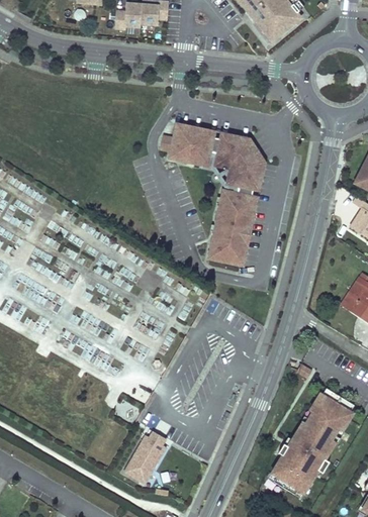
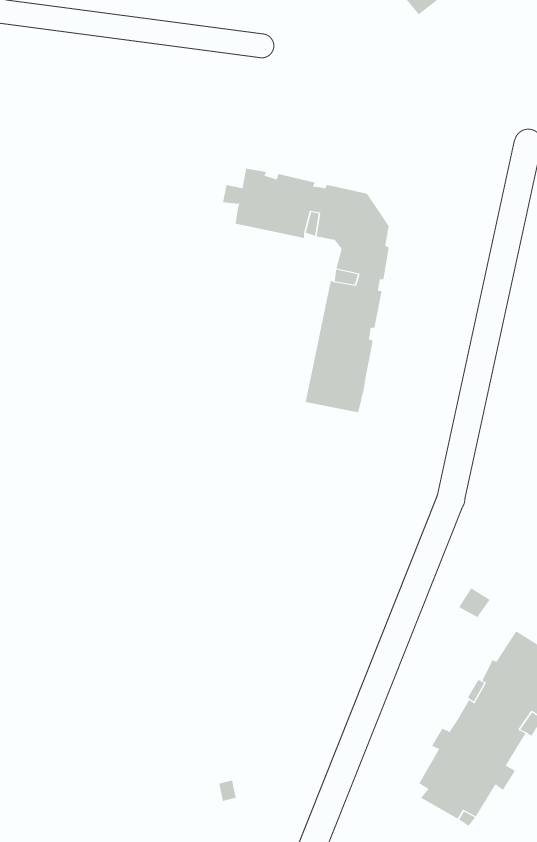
building: [174,123,262,266] -> none
building: [121,432,166,487] -> none

